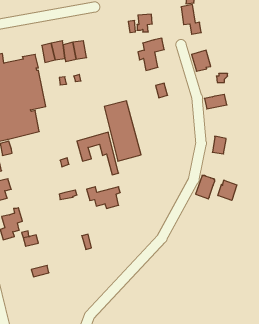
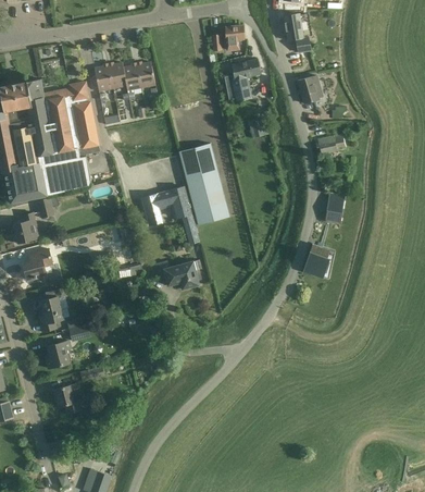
building: [218,180,237,200] -> none
building: none -> [46,341,71,368]
building: none -> [54,383,82,414]

